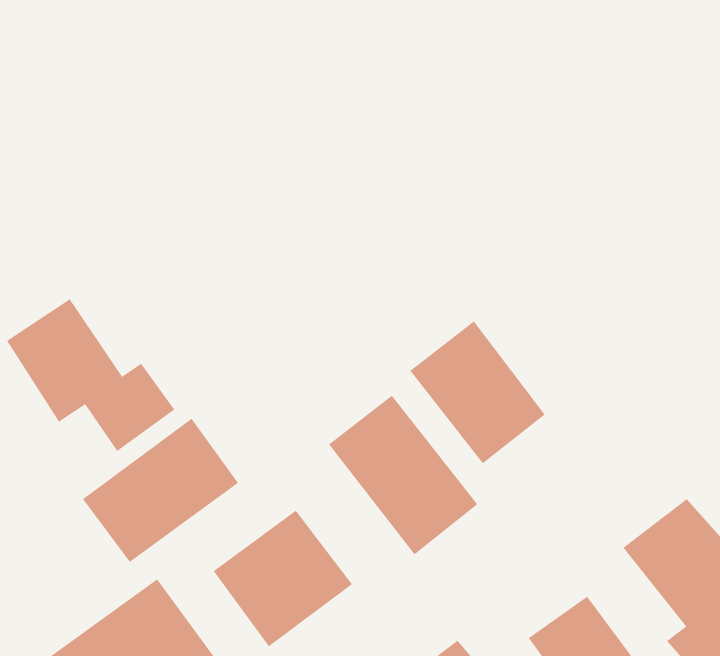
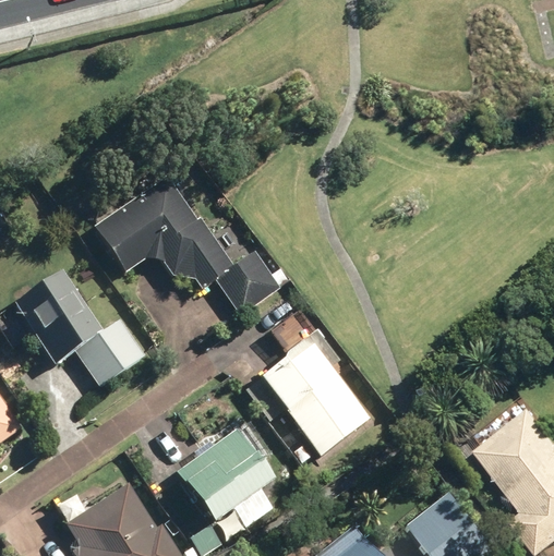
building: none -> [97,174,278,313]
building: [409,321,546,464] -> none
building: [82,418,239,563] -> none

